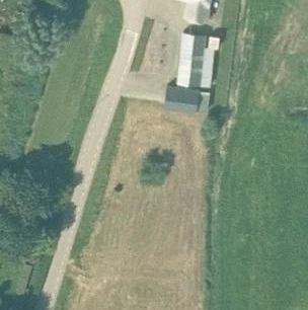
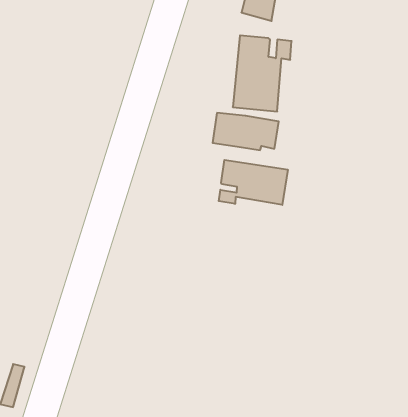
building: none -> [219,160,288,205]

